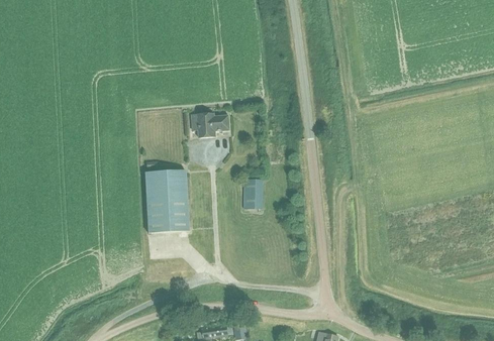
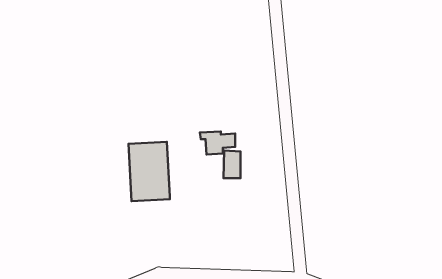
building: [192,113,229,137] -> [200,131,235,154]

